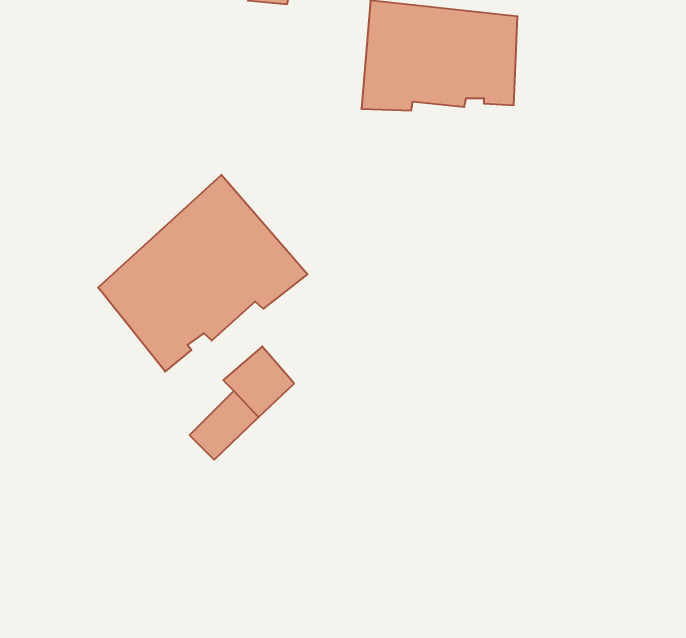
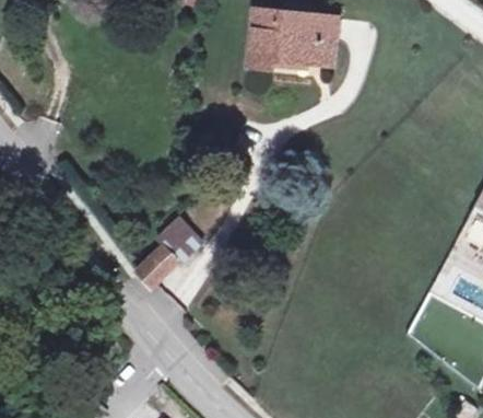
building: [98,175,307,372] -> none

